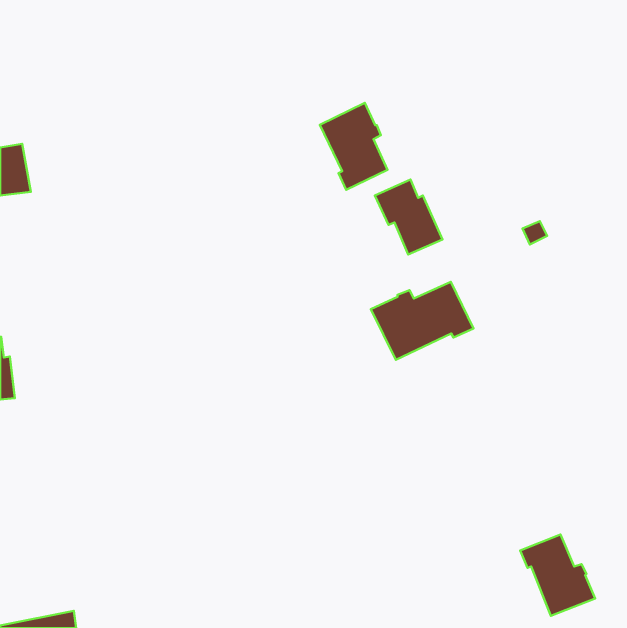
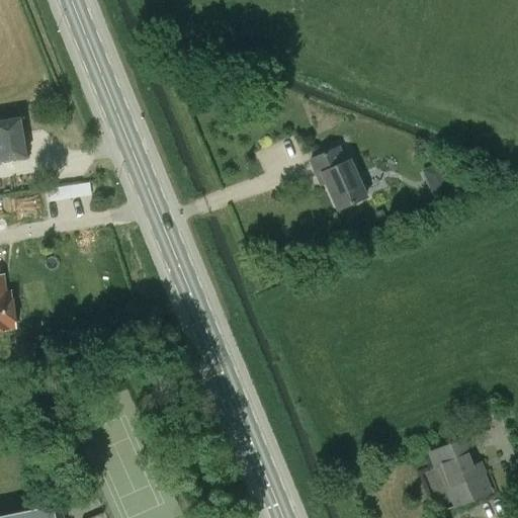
building: [320,103,387,190] -> none
building: [371,282,473,360] -> none

